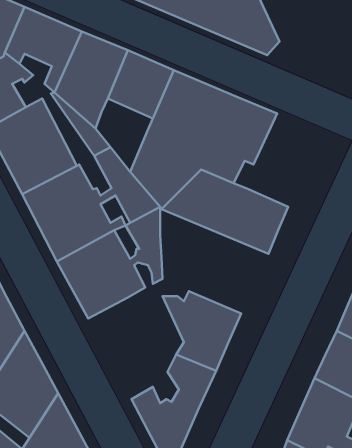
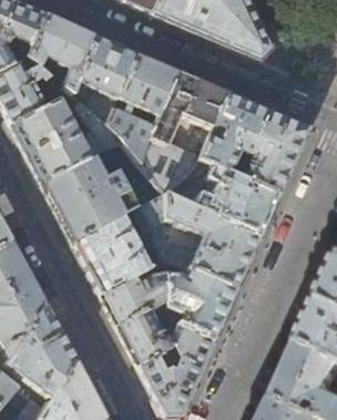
building: none -> [106,105,153,160]
building: none -> [243,107,309,191]
building: none -> [164,191,261,286]
building: none -> [100,270,185,362]

